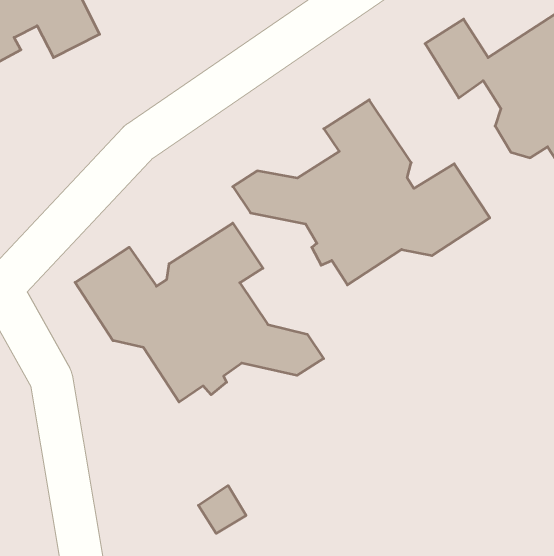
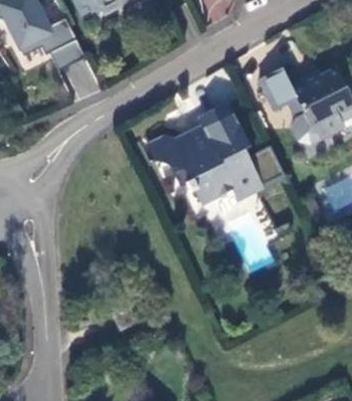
building: [75,223,324,402] -> none

